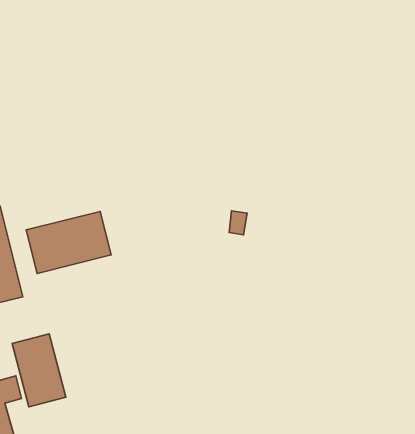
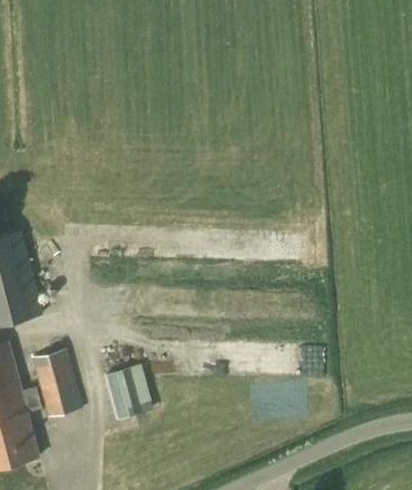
building: [26,211,111,273] -> none
building: none -> [114,364,160,419]

